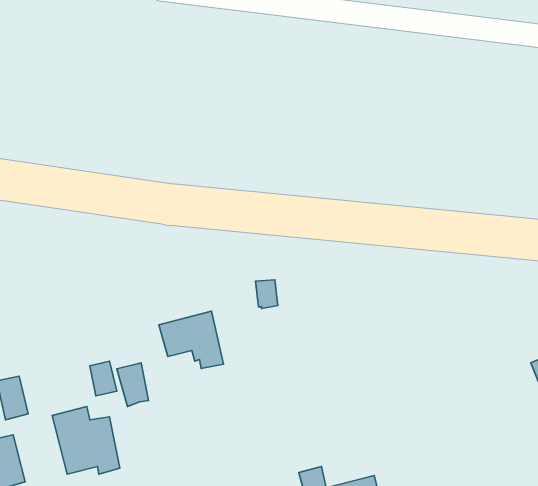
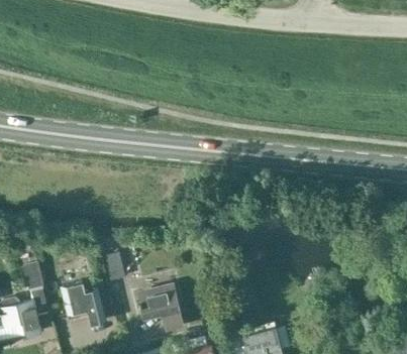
building: [159,311,224,369] -> [139,288,183,327]

